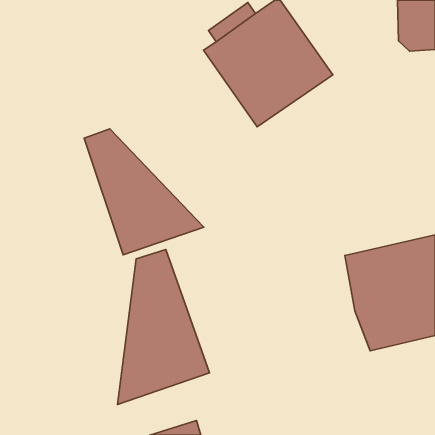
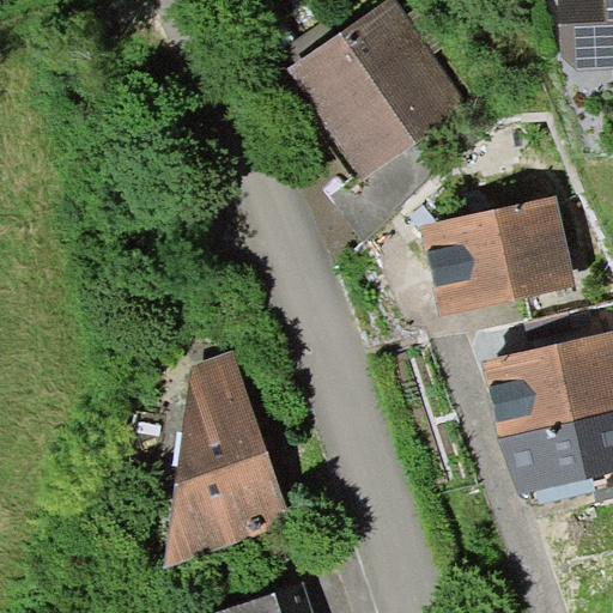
building: [84,129,204,255] -> none
building: none -> [424,198,576,315]

